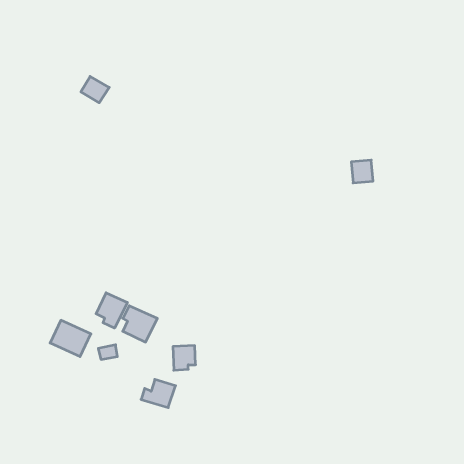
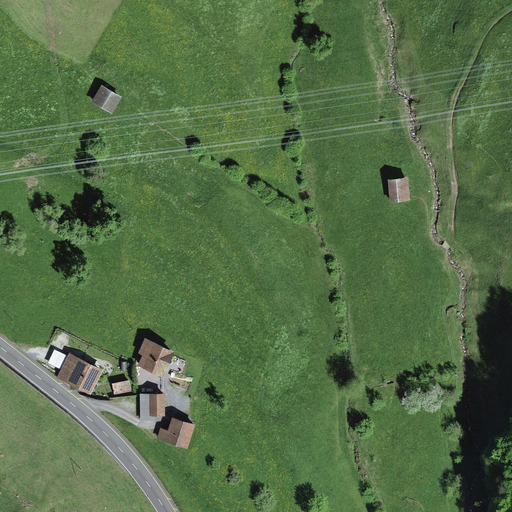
building: [96,293,127,328] -> none
building: [173,346,196,370] -> [139,393,164,420]

